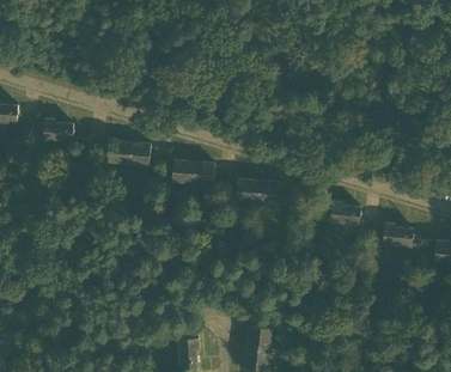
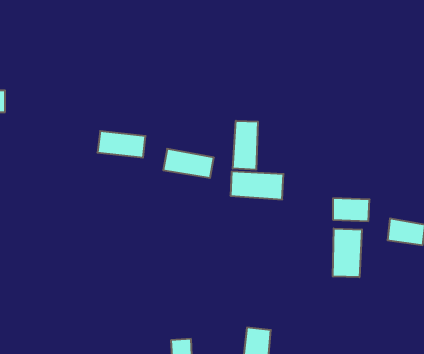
building: [43,123,69,145] -> none
building: none -> [233,121,258,170]
building: none -> [333,228,362,277]

